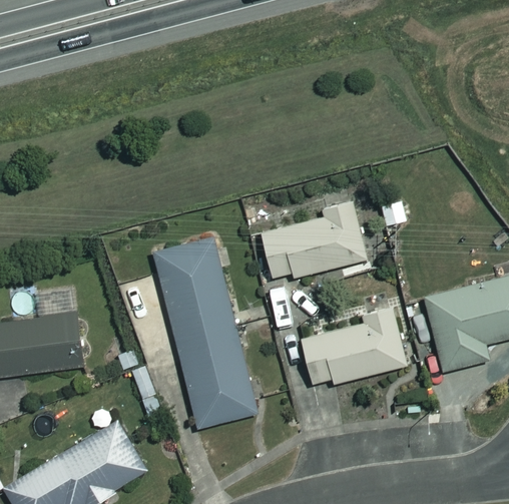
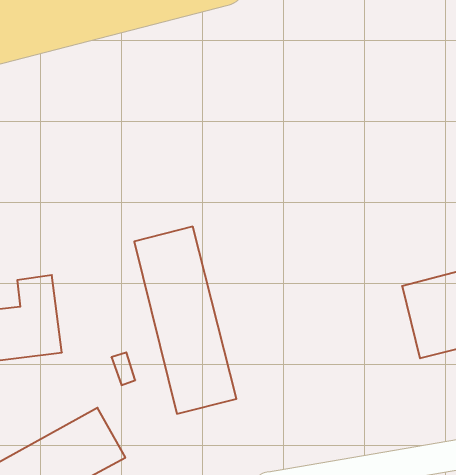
building: [262,199,367,283] -> none
building: [303,309,405,388] -> none

